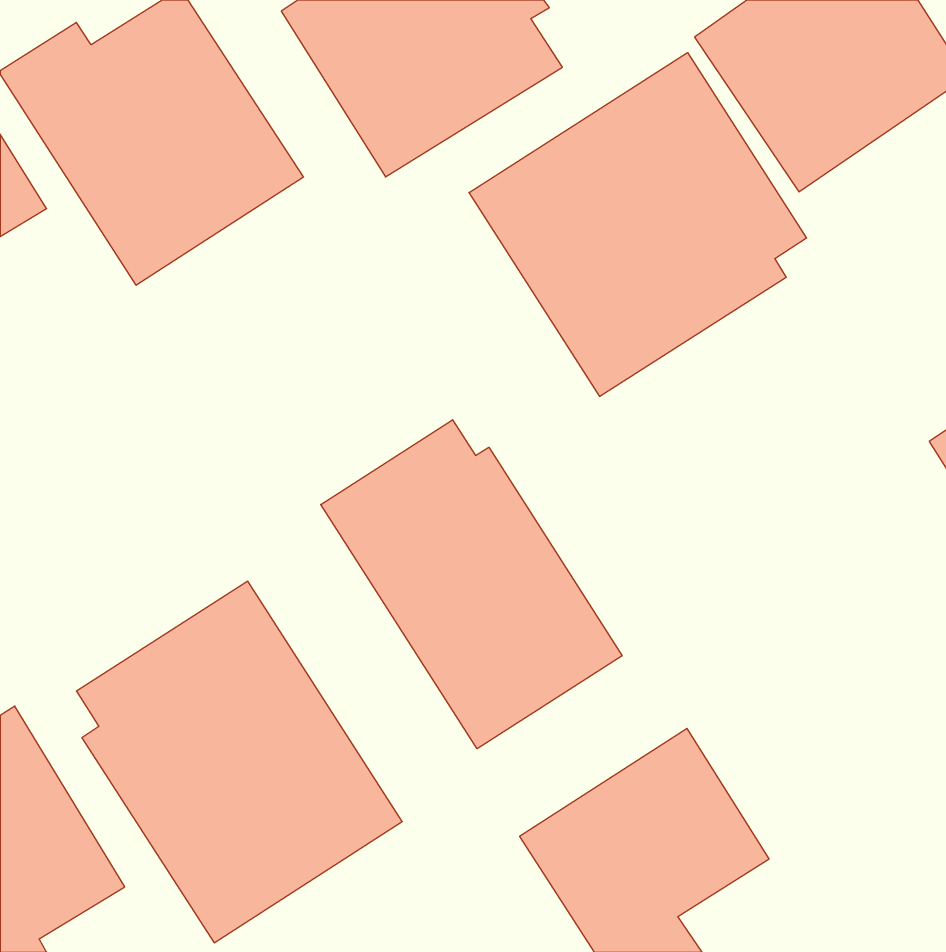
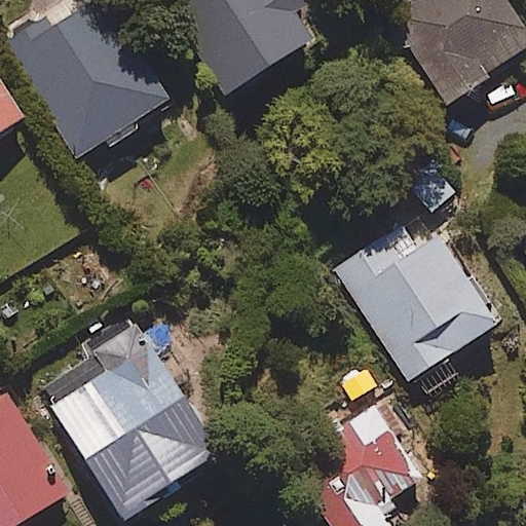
building: [469,53,807,396] -> none
building: none -> [335,231,497,387]
building: [321,420,622,749] -> none

